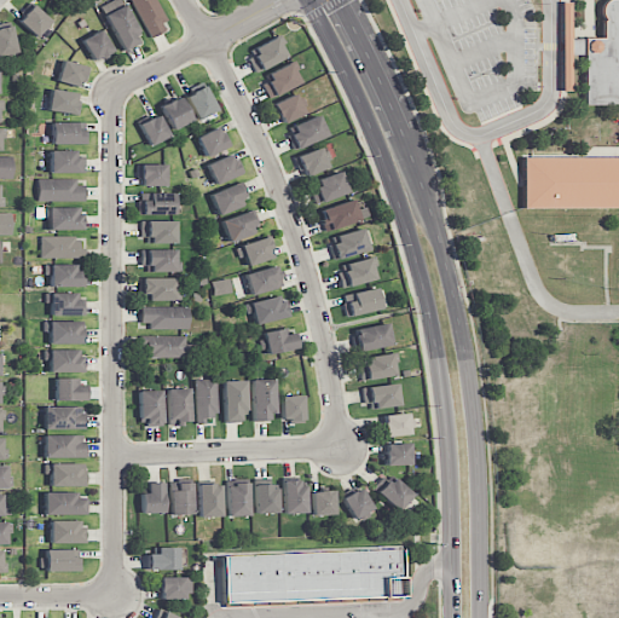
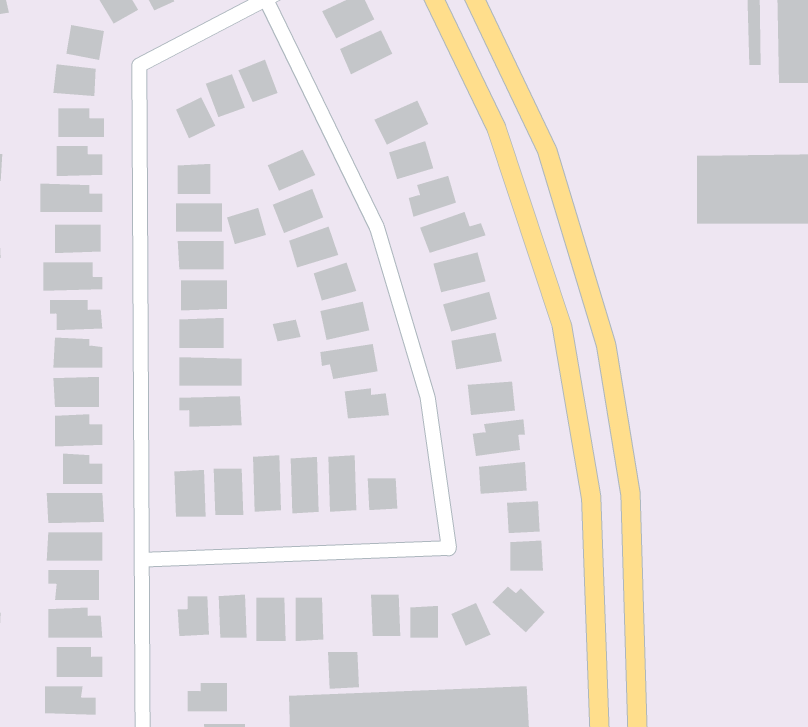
building: [274,93,306,123] -> none
building: [199,127,230,155] -> [226,207,267,245]
building: [256,485,280,513] -> [327,652,360,689]

